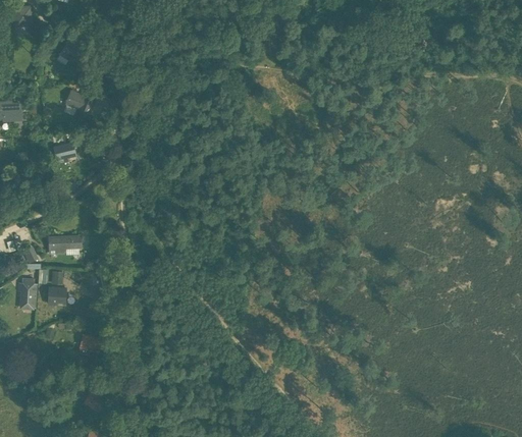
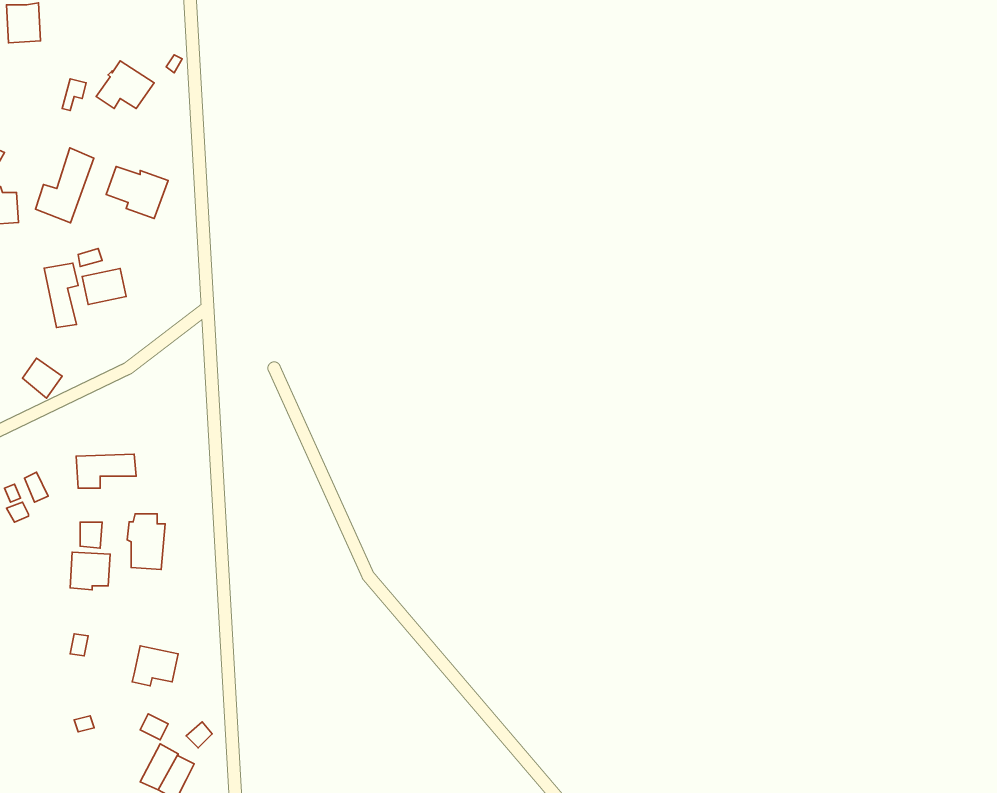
building: none -> [36,148,94,223]
building: none -> [44,263,78,327]
building: [17,278,37,307] -> [127,514,165,570]

